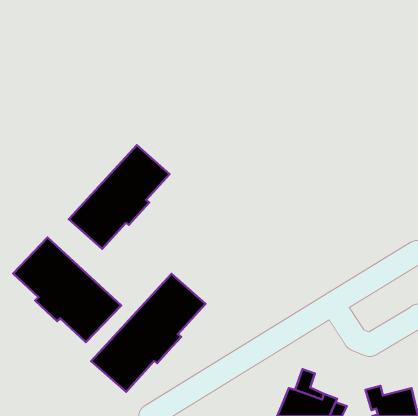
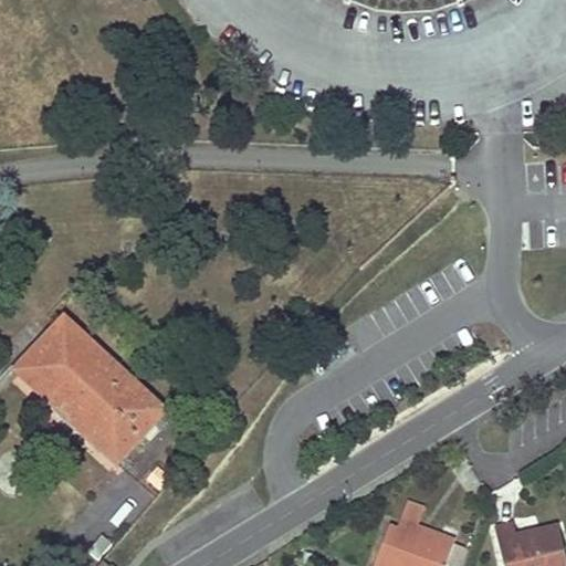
building: [69,145,170,249] -> none
building: [91,274,206,392] -> none

